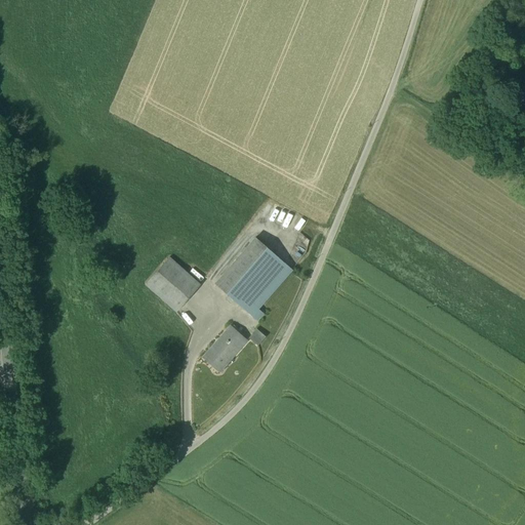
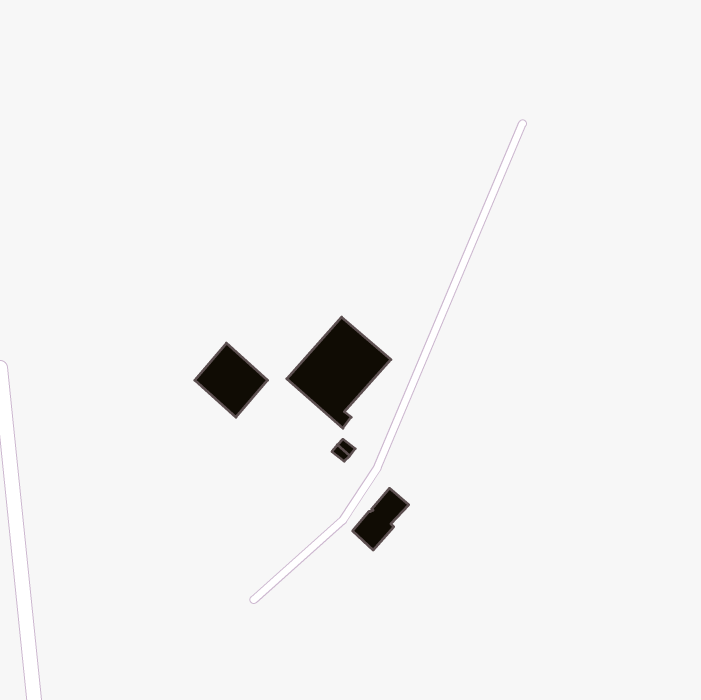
building: [203,325,245,371] -> [353,488,409,550]

